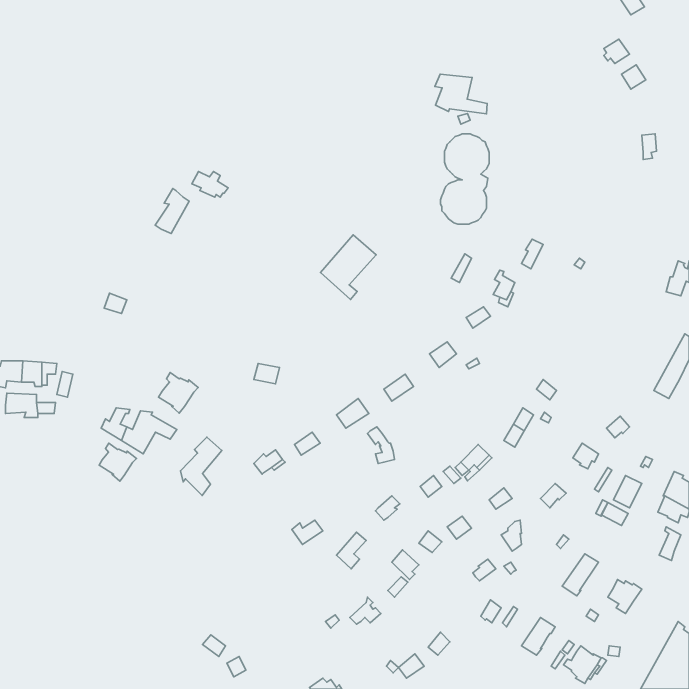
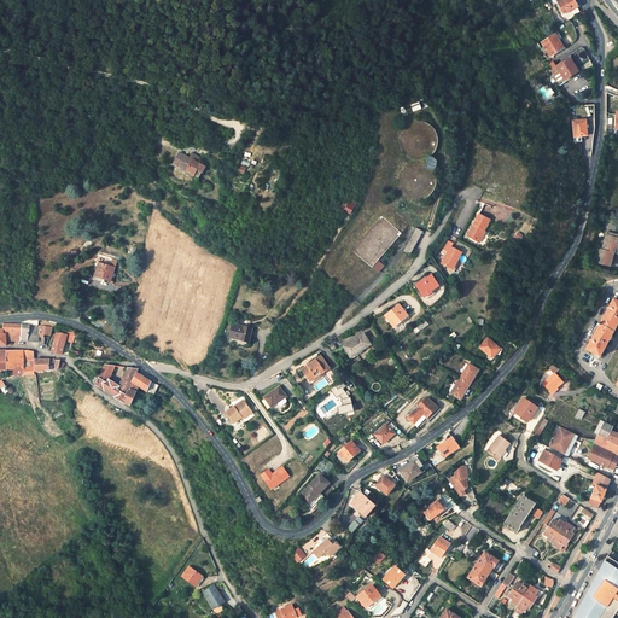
building: [435,74,487,114] -> none
building: [155,189,189,233] -> none
building: [321,235,376,300] -> [350,217,400,275]
building: [159,373,198,413] -> none
building: [181,437,222,496] -> none
building: [99,443,136,481] -> none

